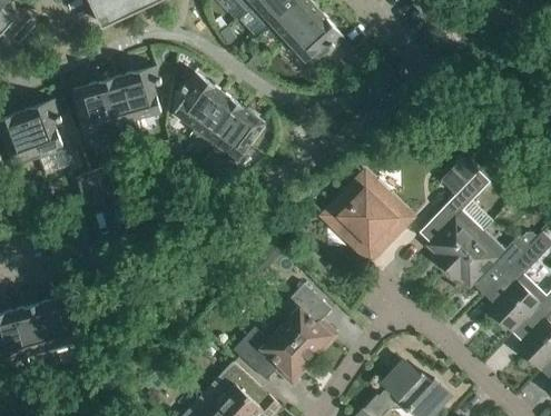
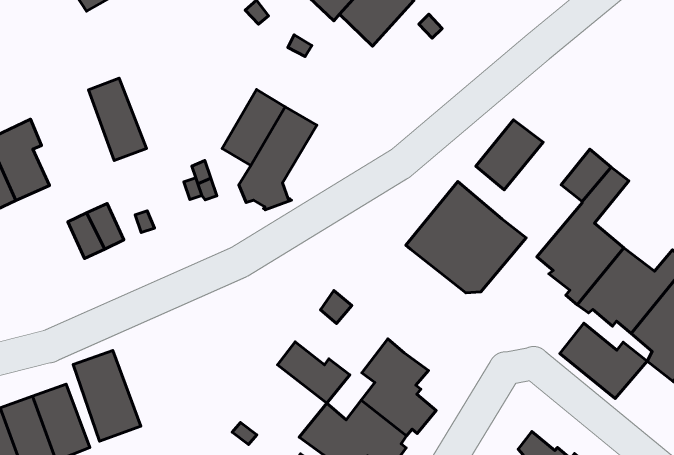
building: [122,66,161,128] -> none
building: [175,71,223,132] -> none
building: [73,81,114,142] -> none
building: none -> [476,120,543,190]
building: none -> [73,350,141,441]
building: none -> [278,342,350,403]
building: none -> [560,323,647,399]

